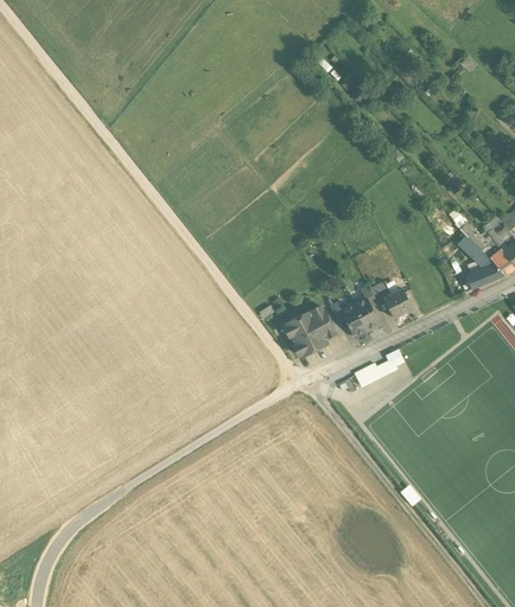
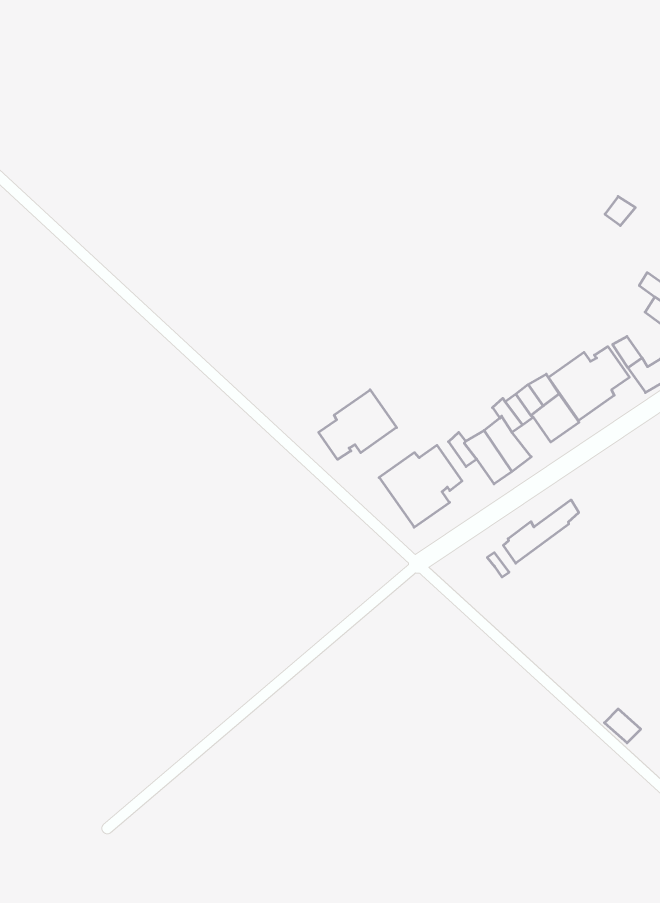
building: none -> [548,347,629,420]
building: none -> [319,390,397,459]

